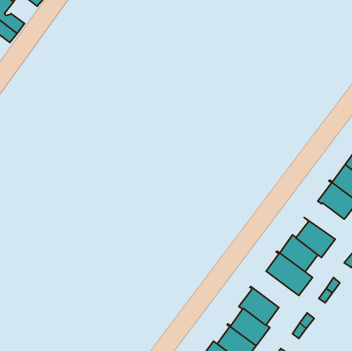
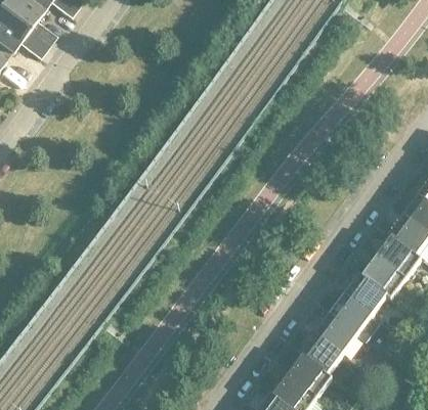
building: none -> [371,237,420,278]
building: none -> [310,314,356,355]

